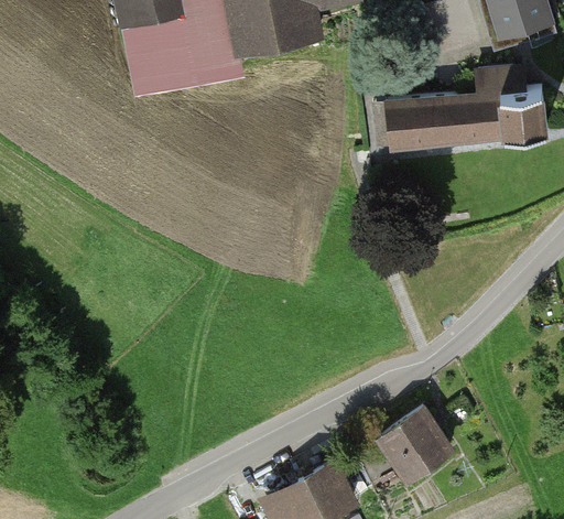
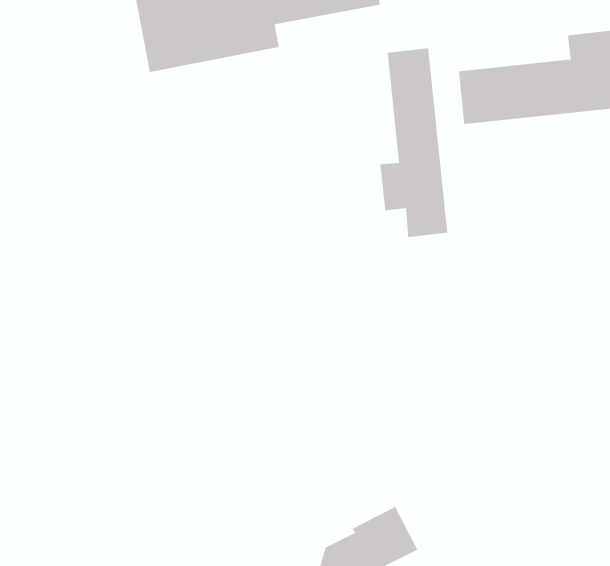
building: none -> [380,48,448,238]
building: [383,406,449,471] -> none

